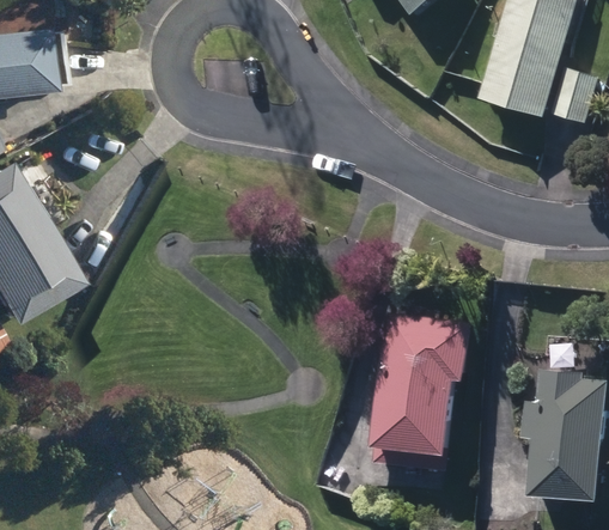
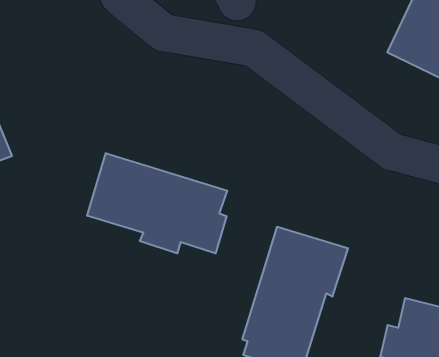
building: none -> [87,153,227,253]

